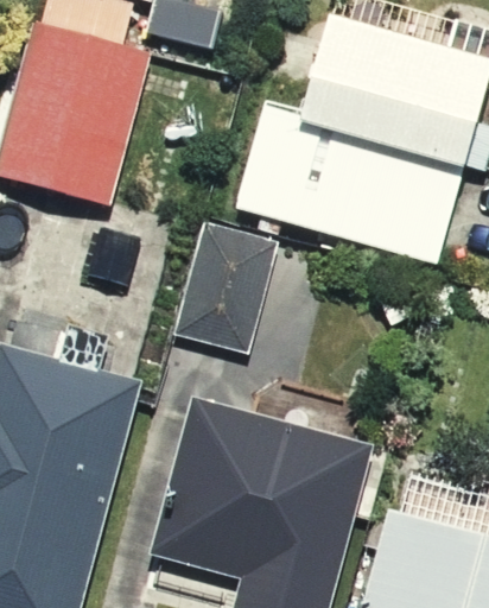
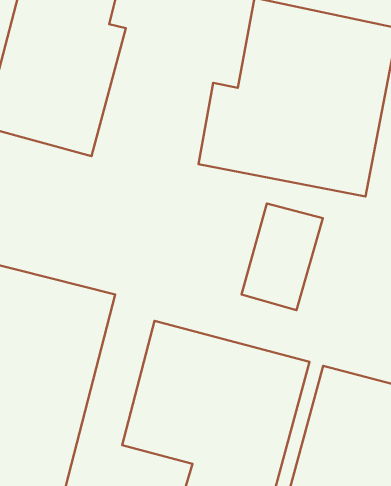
building: [180,238,279,367] -> [241,204,323,310]

